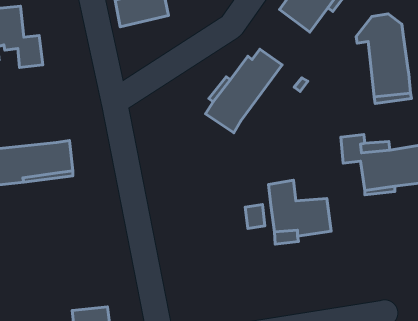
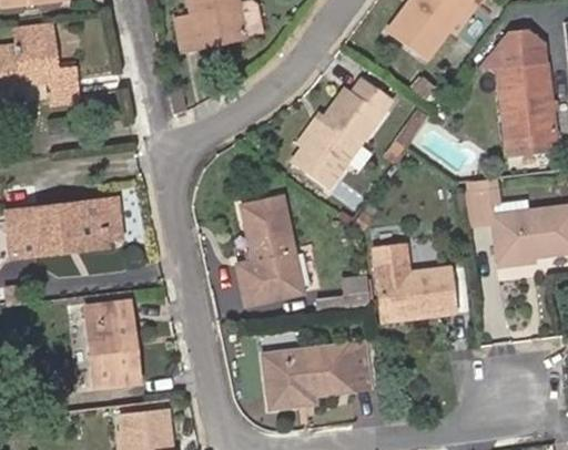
building: none -> [236,197,301,305]
building: none -> [87,304,139,387]
building: none -> [263,346,368,410]

